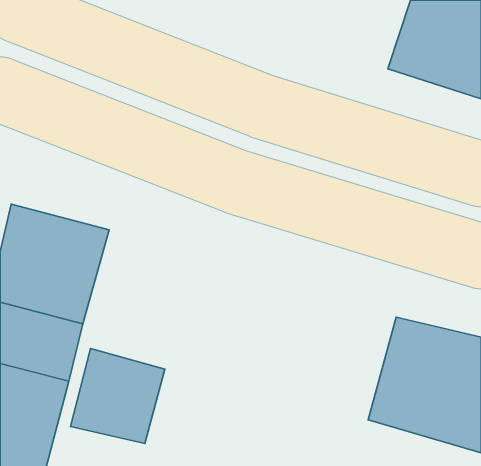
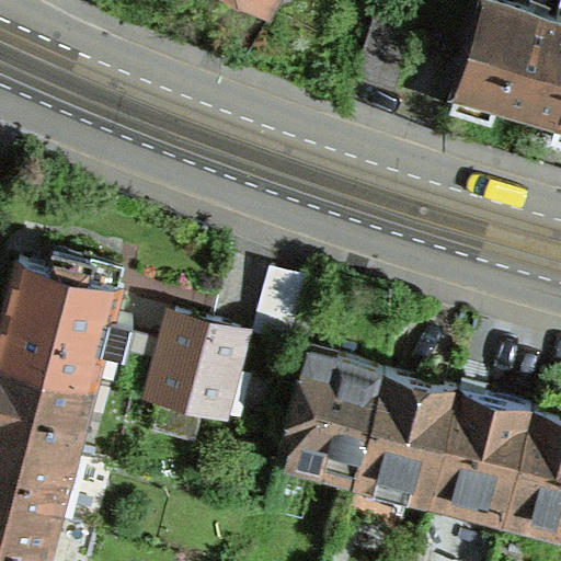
building: none -> [278,347,461,506]
building: [71,349,165,444] -> [144,316,253,426]

